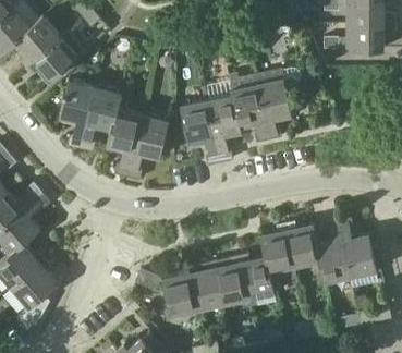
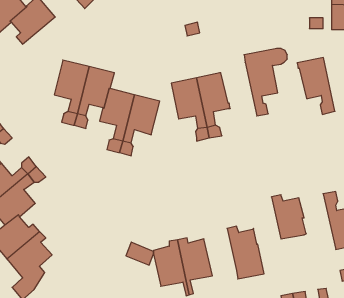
building: [27,32,85,82] -> none
building: [230,84,269,143] -> [297,58,335,114]
building: [316,220,351,284] -> none
building: [259,223,294,272] -> none
building: [215,256,249,311] -> none

